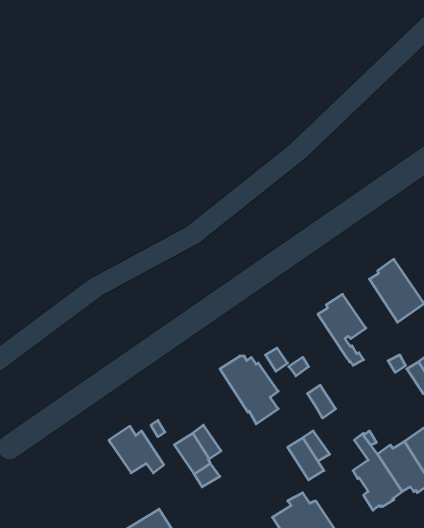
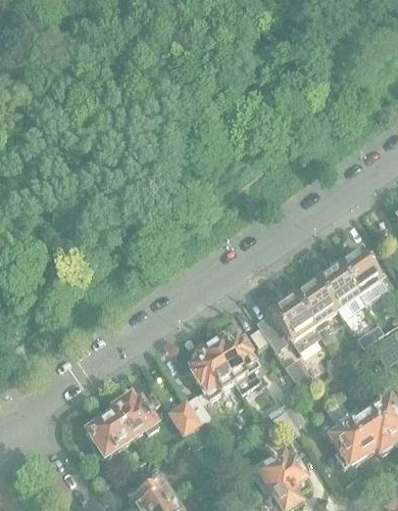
building: none -> [316,264,364,316]
building: none -> [270,294,320,349]
building: none -> [190,342,234,396]
building: none -> [84,408,134,457]

